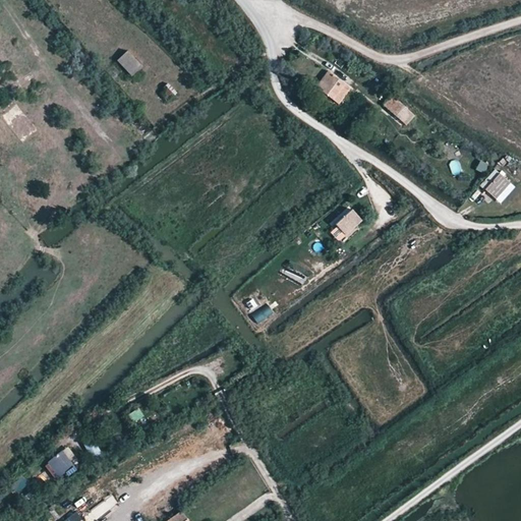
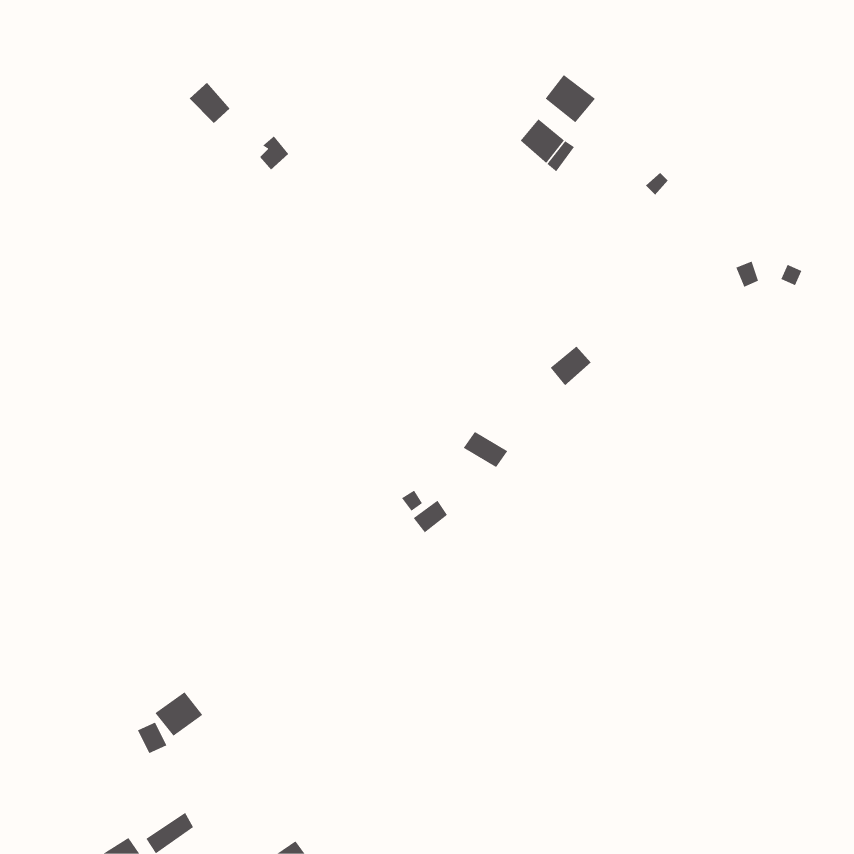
building: none -> [545,74,596,123]
building: [485,169,510,199] -> none
building: [45,451,74,478] -> [155,691,203,737]

